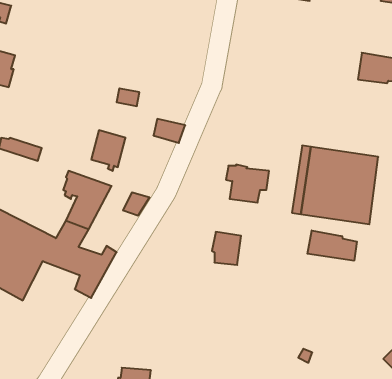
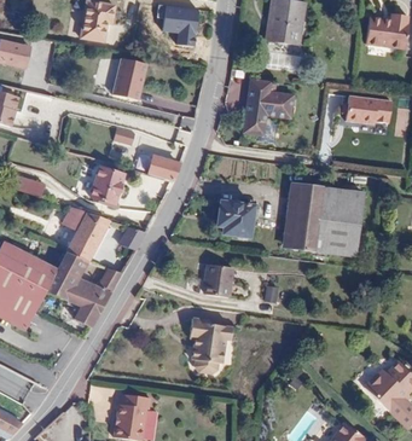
building: none -> [112,58,147,99]
building: none -> [243,79,291,133]
building: [307,230,357,261] -> none
building: none -> [193,318,236,375]

